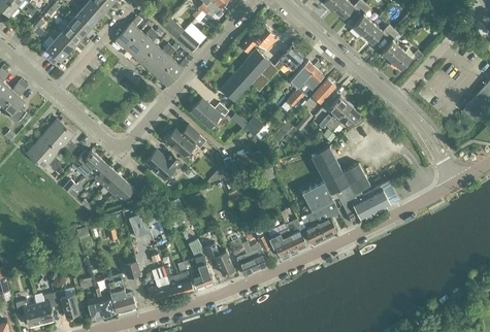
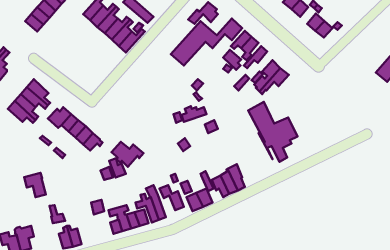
building: [190,99,228,128] -> none
building: [165,126,206,157] -> none
building: [145,152,184,181] -> [111,142,144,167]
building: [348,181,398,225] -> none
building: [301,182,339,244] -> none
building: [104,274,135,314] -> none
building: [53,288,78,317] -> [24,173,46,197]

